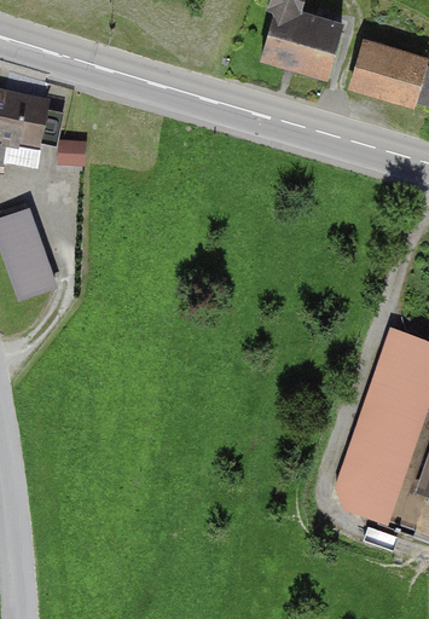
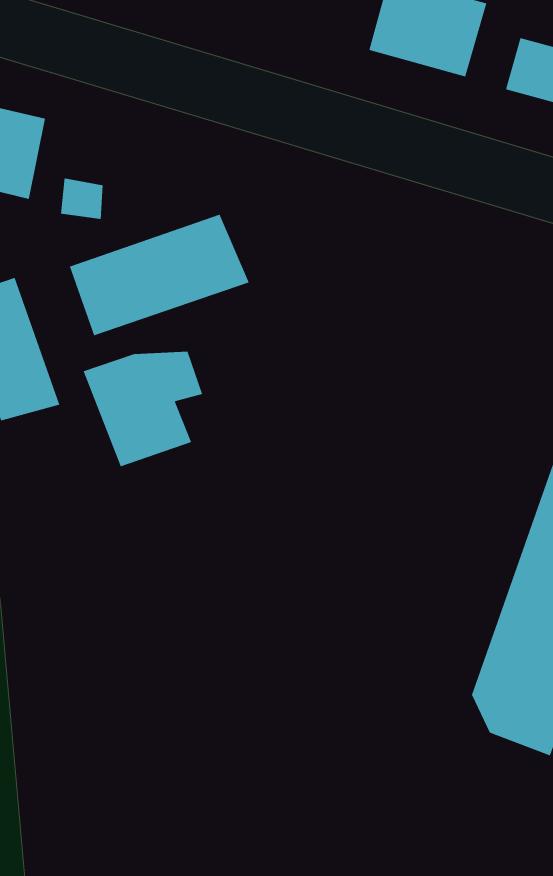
building: none -> [69,214,249,336]
building: none -> [83,351,203,467]

